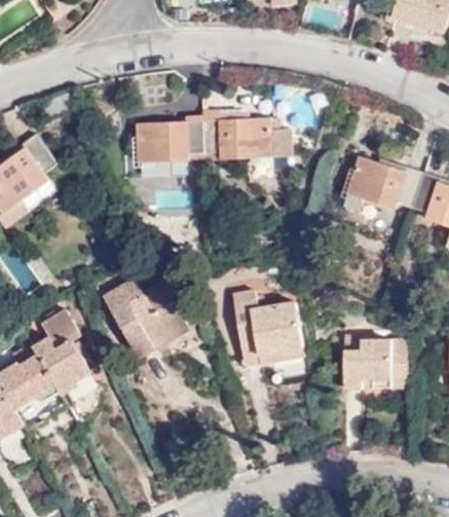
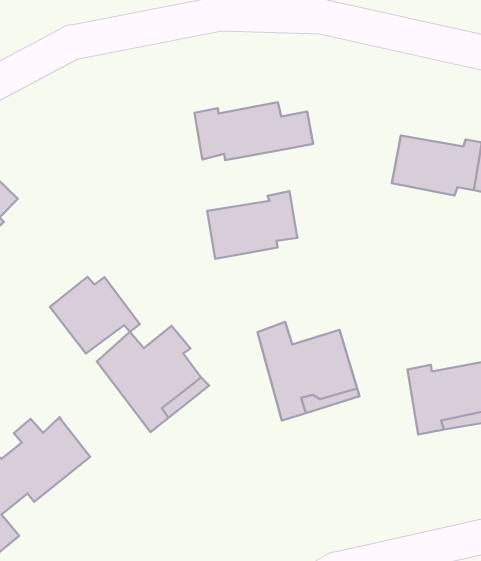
building: [140,117,207,161] -> [207,191,297,259]
building: none -> [50,277,140,354]
building: [38,310,78,348] -> none

